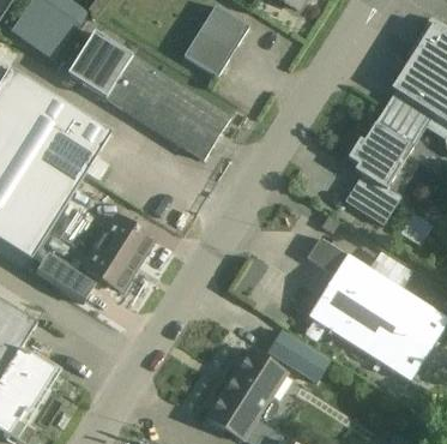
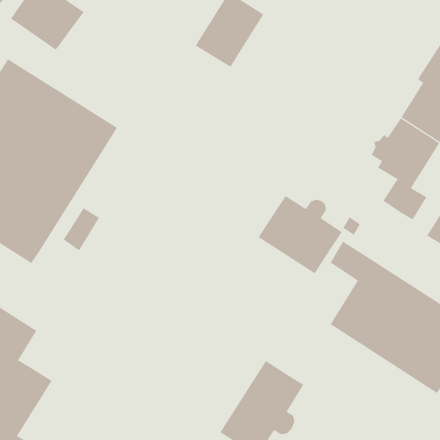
building: [67,32,230,160] -> none
building: none -> [258,195,342,274]
building: [32,215,153,302] -> none
building: [267,329,331,382] -> none

